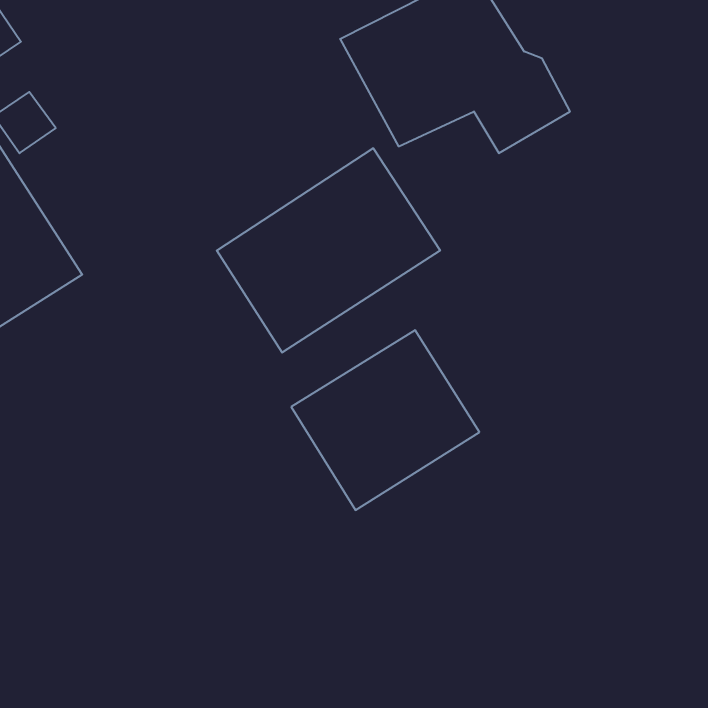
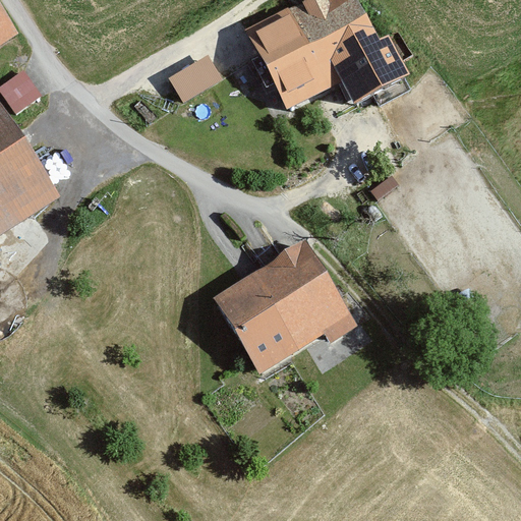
building: none -> [167,52,220,101]
building: [217,148,440,353] -> none

